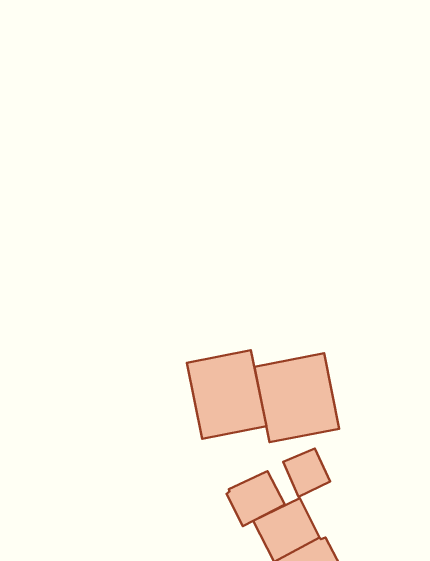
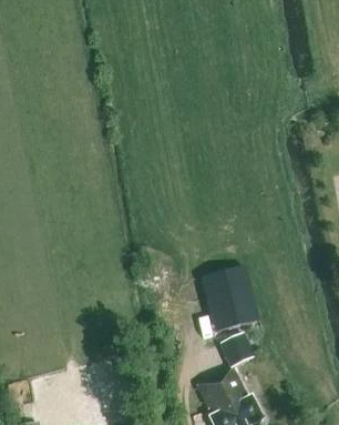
building: [187,350,266,439] -> none
building: [227,471,285,526] -> none

